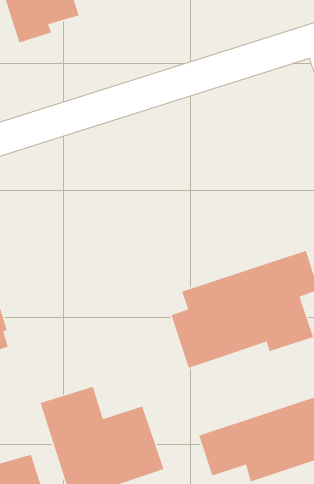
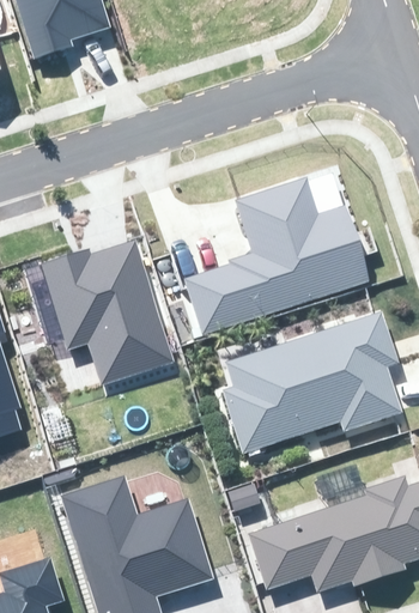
building: none -> [192,177,368,322]
building: none -> [42,239,175,386]

